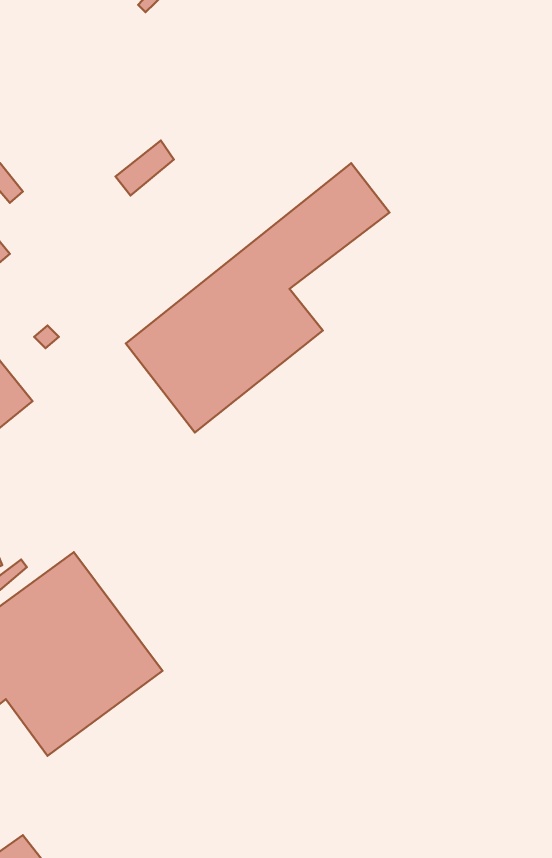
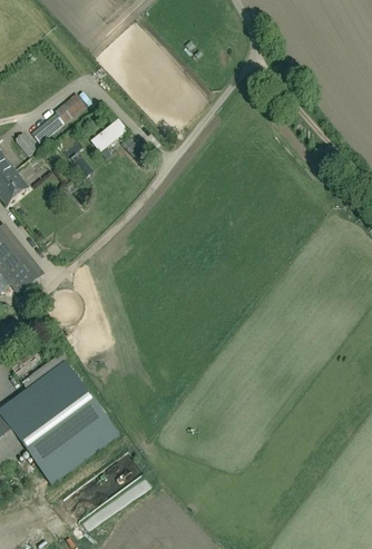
building: none -> [31,92,87,144]
building: [126,163,390,432] -> none

